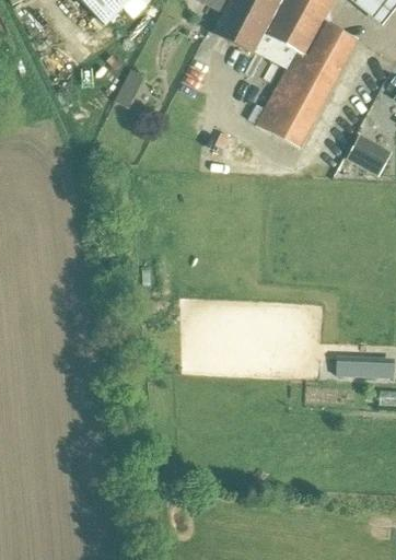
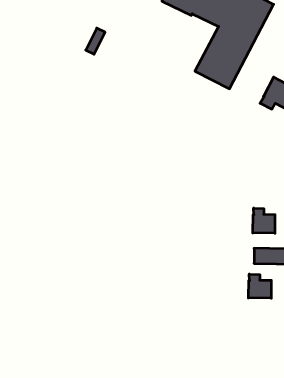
building: none -> [253,208,275,233]
building: none -> [248,274,271,298]

